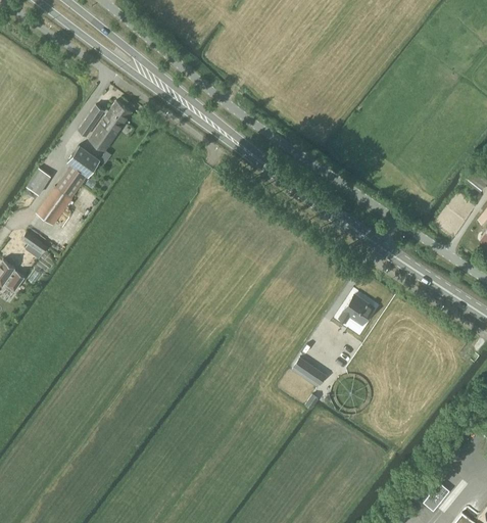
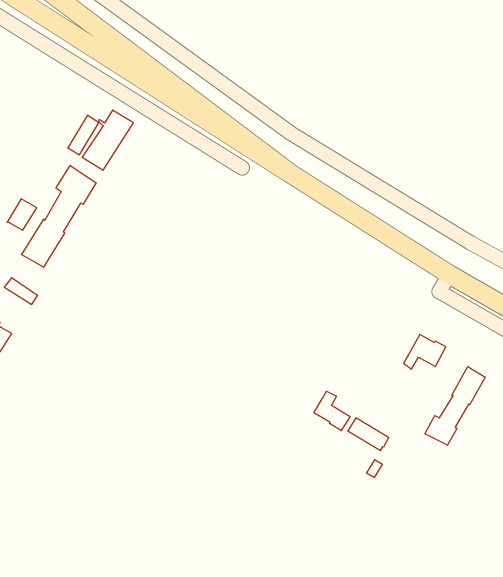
building: none -> [425,367,485,445]
building: none -> [314,391,350,431]

